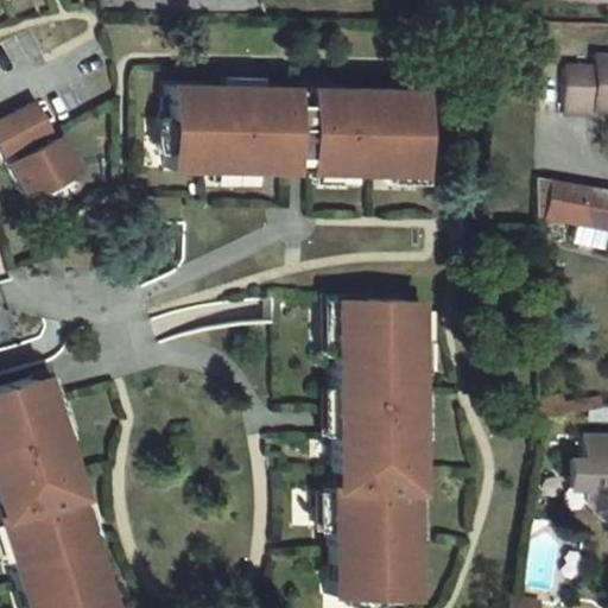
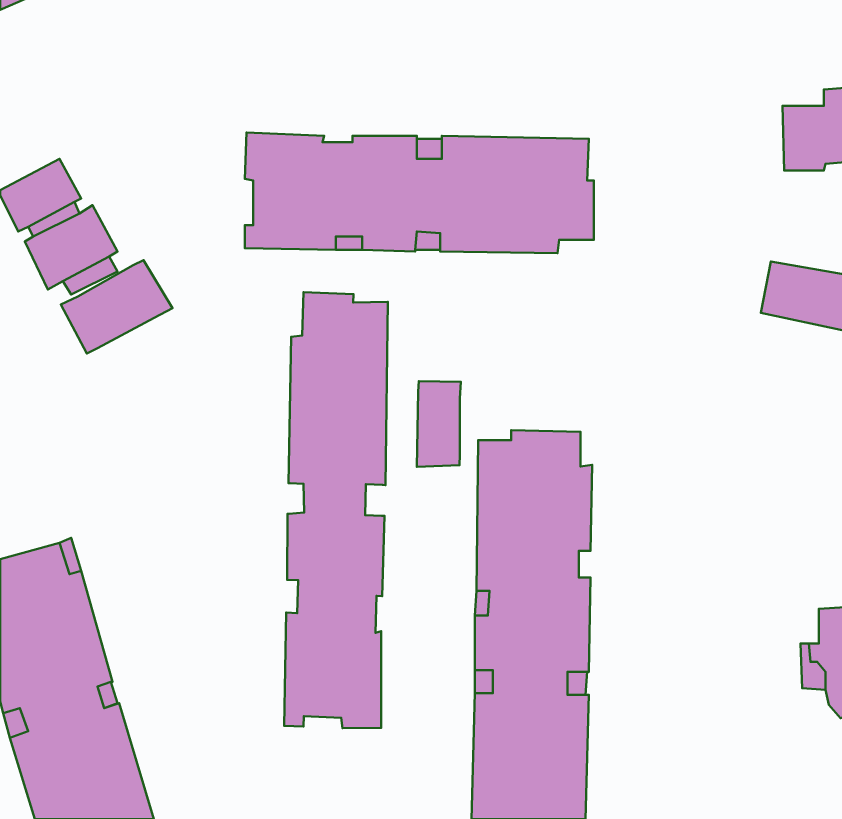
building: none -> [61,260,173,353]
building: none -> [284,292,388,728]
building: none -> [417,381,461,467]

